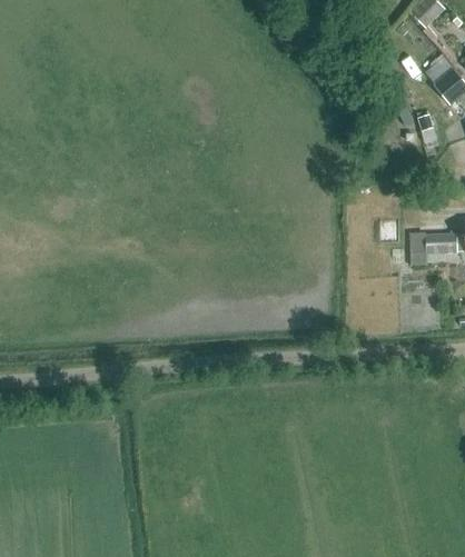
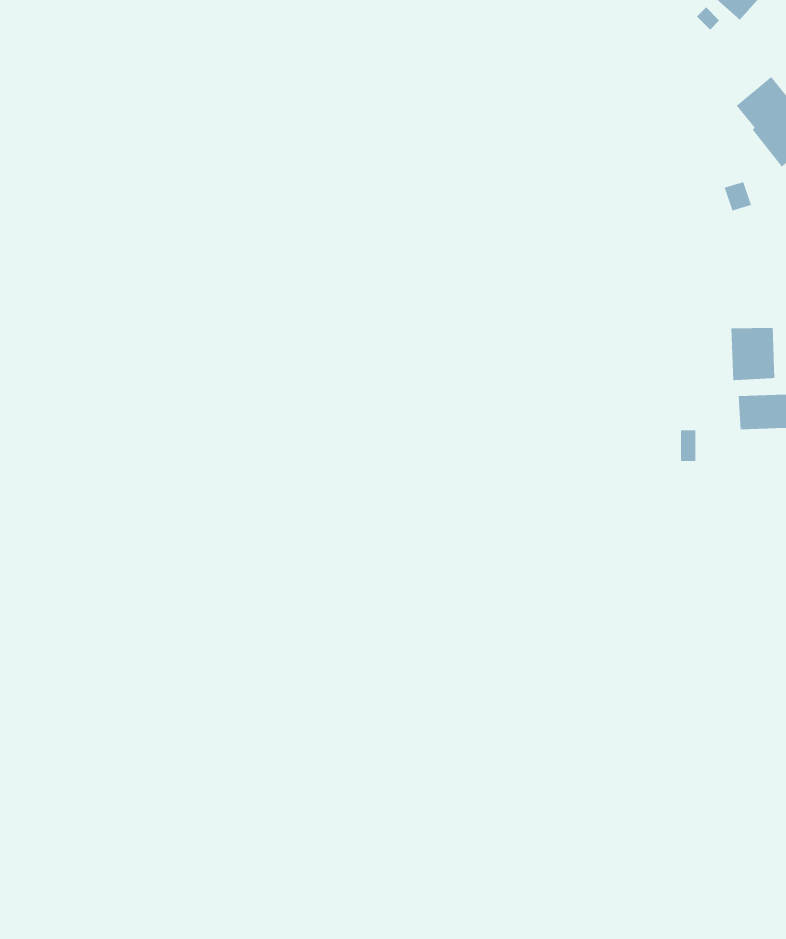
building: none -> [731,327,775,381]

